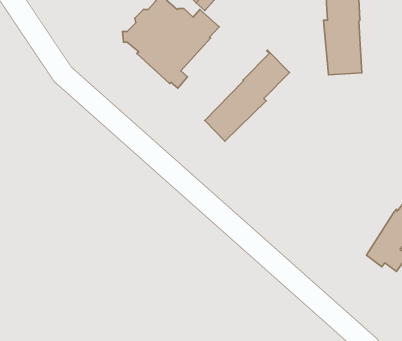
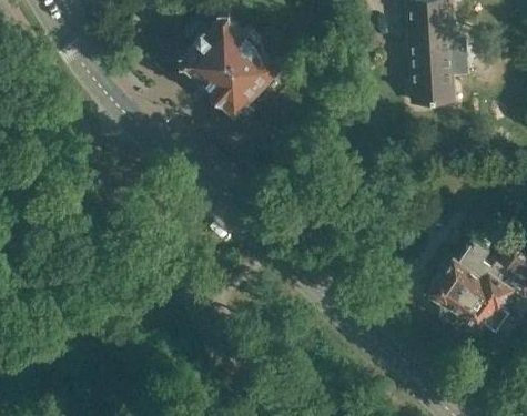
building: [205,50,289,141] -> none
building: none -> [426,232,491,325]

